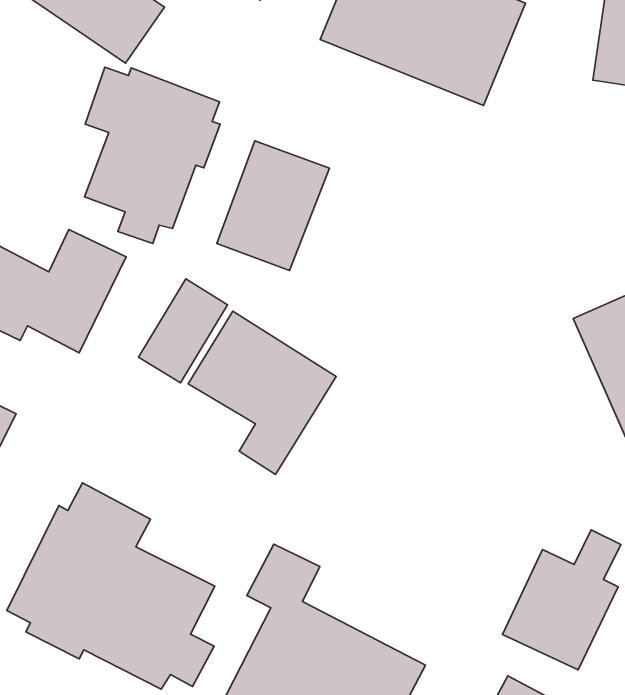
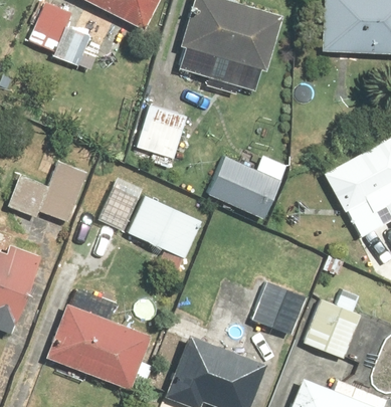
building: [84,67,220,244] -> none
building: none -> [210,156,280,218]
building: none -> [253,278,311,337]

